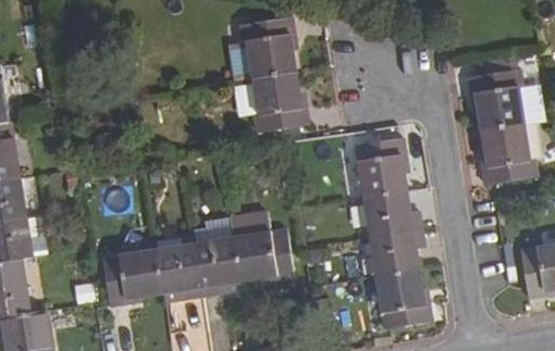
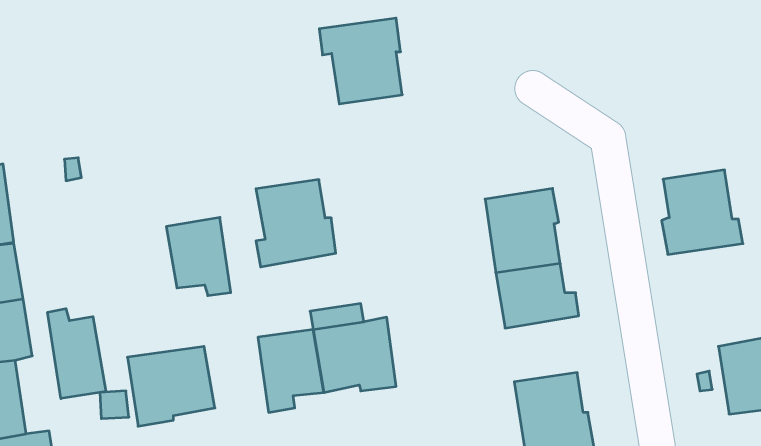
building: [467,71,523,131] -> none
building: [250,72,307,134] -> [256,180,336,267]
building: none -> [48,309,106,399]
building: [368,228,423,275] -> none
building: [155,243,200,299] -> [166,217,231,296]

